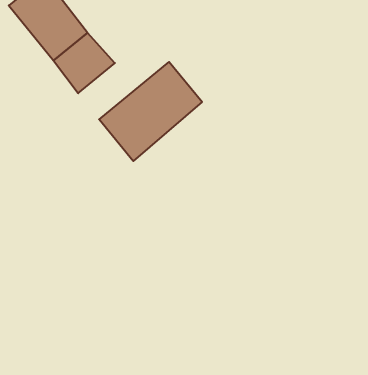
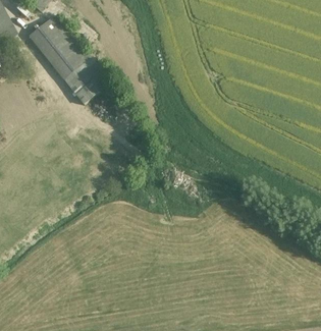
building: [99,62,202,161] -> none

